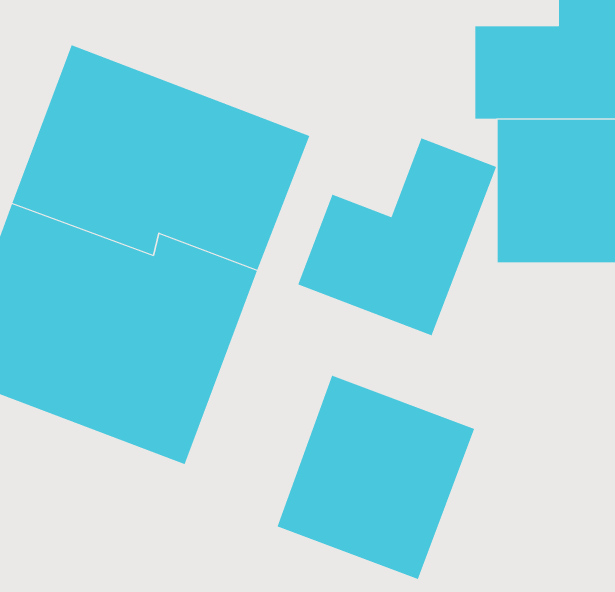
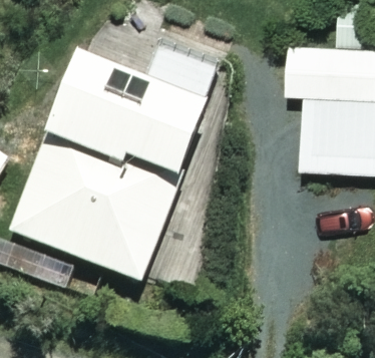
building: [297,138,497,336] -> none
building: [277,375,475,580] -> none

